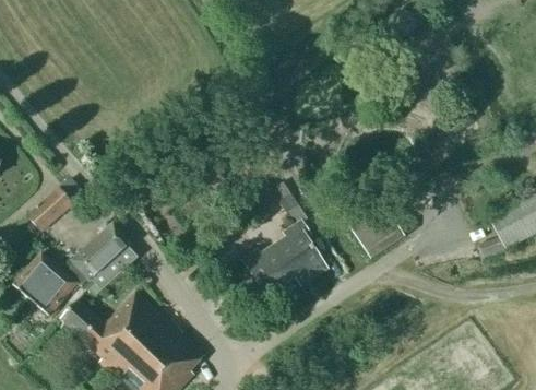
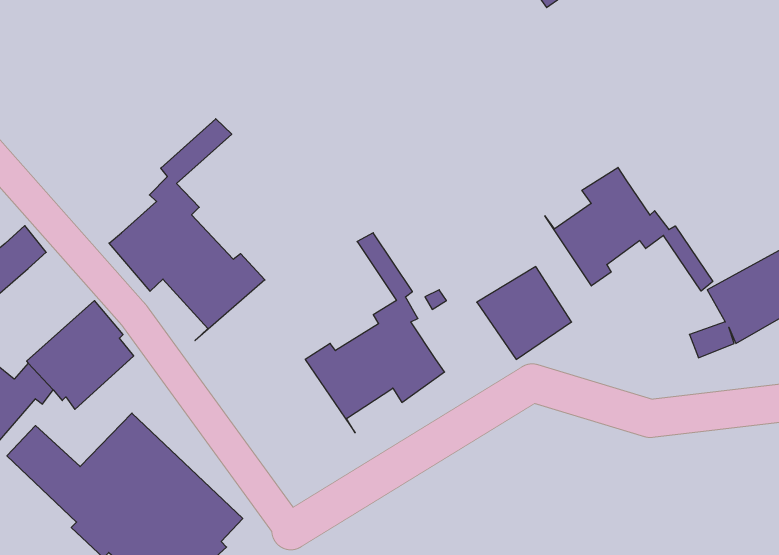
building: none -> [109,119,265,341]
building: none -> [545,167,713,291]

